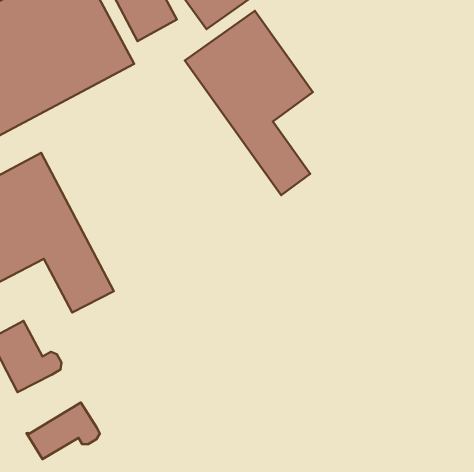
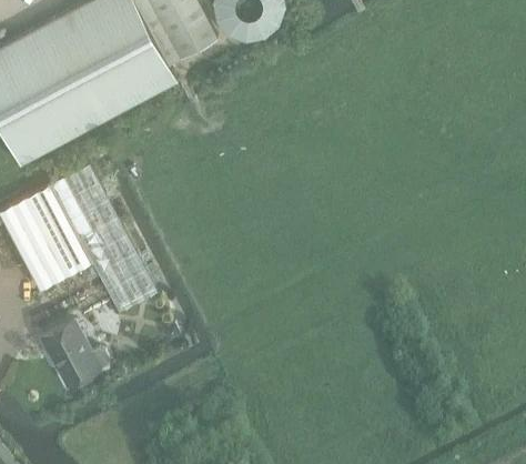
building: [185,11,313,195] -> none
building: [27,402,100,459] -> none

